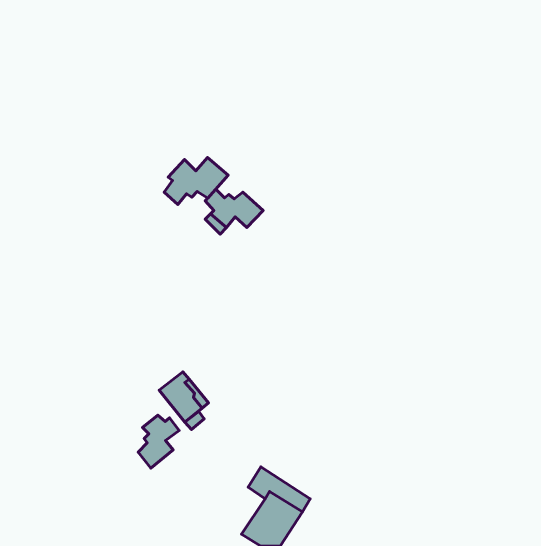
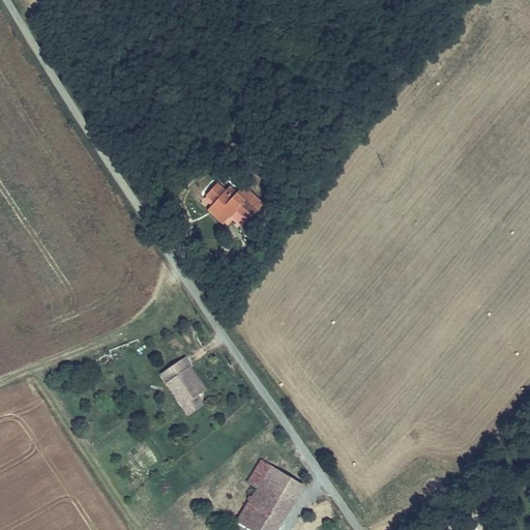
building: [164,157,228,204] -> none
building: [138,415,179,468] -> none

